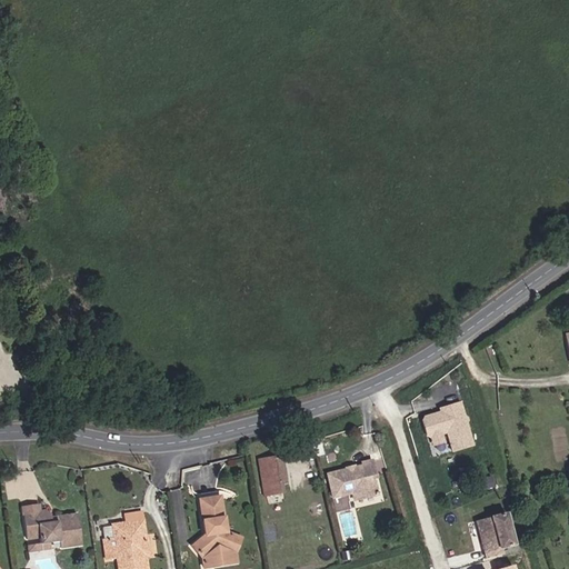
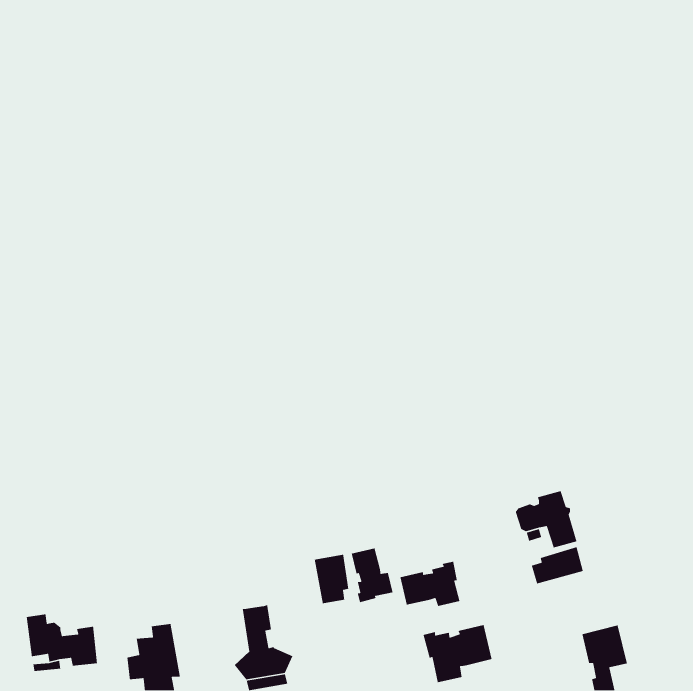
building: none -> [531,546,584,585]
building: none -> [351,548,393,603]
building: none -> [422,624,492,683]

